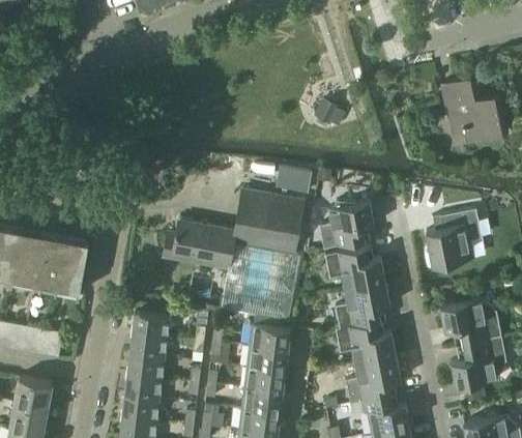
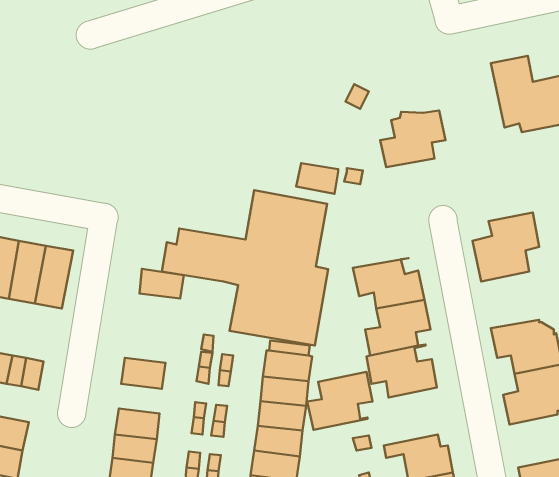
building: [318,202,373,250] -> [380,110,445,167]
building: [133,311,170,335] -> [139,269,184,299]
building: [127,353,164,378] -> none
building: [345,356,400,405] -> [307,372,373,430]

